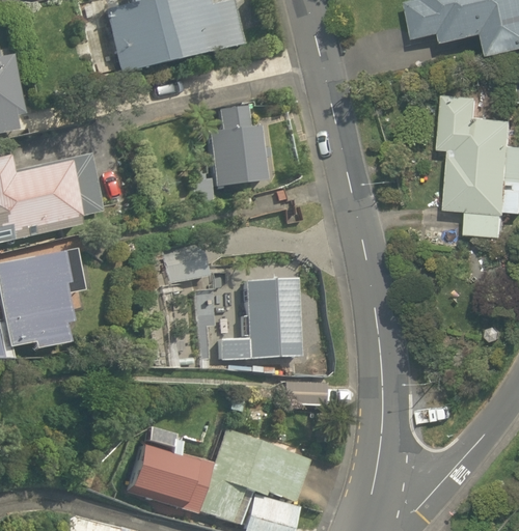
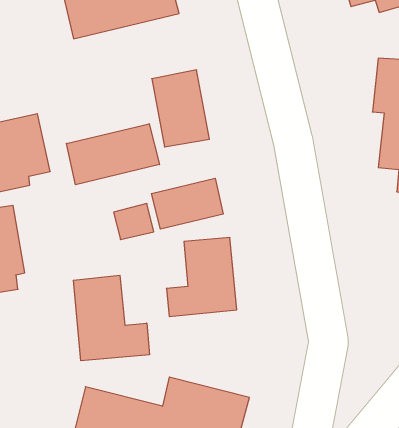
building: none -> [66,124,159,185]
building: none -> [151,178,223,229]
building: none -> [73,275,149,361]

